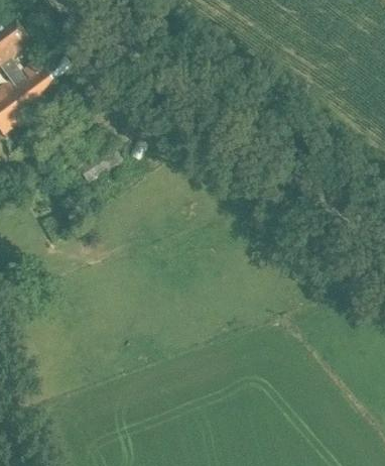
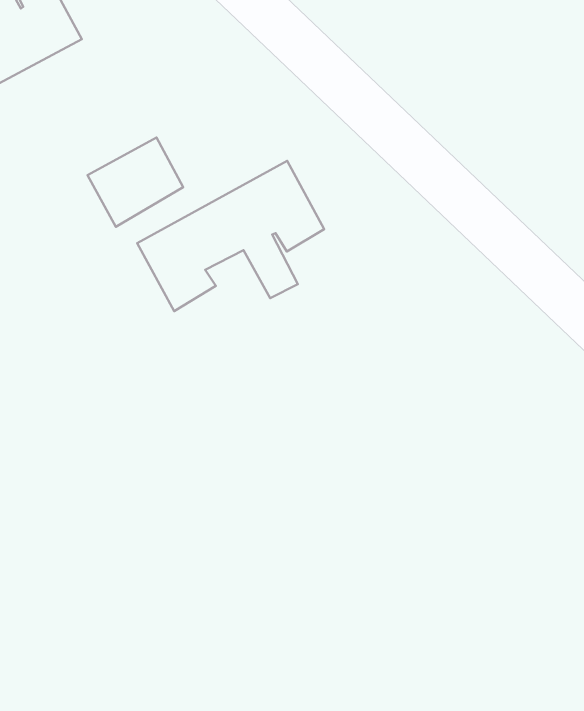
building: none -> [137,161,324,311]

